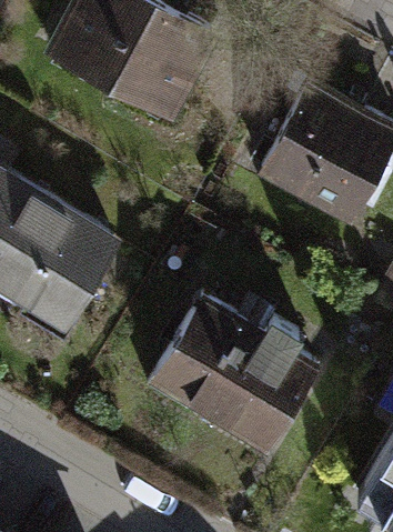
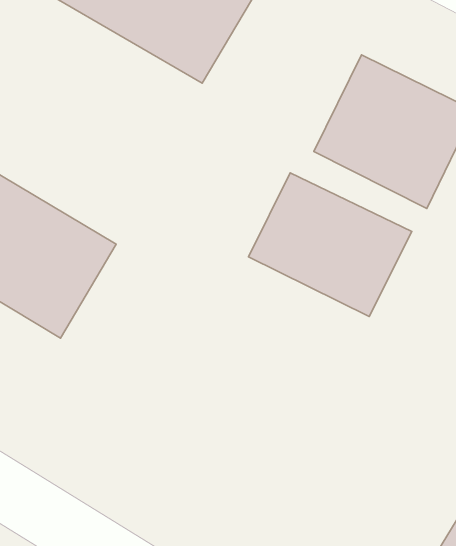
building: none -> [248,173,412,317]
building: [153,301,316,451] -> none

